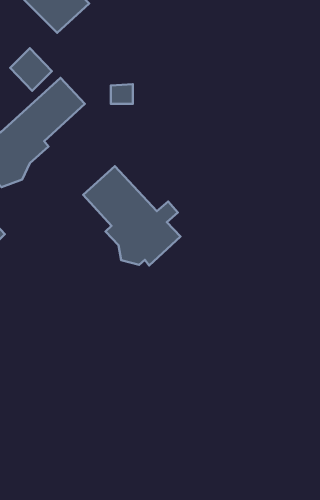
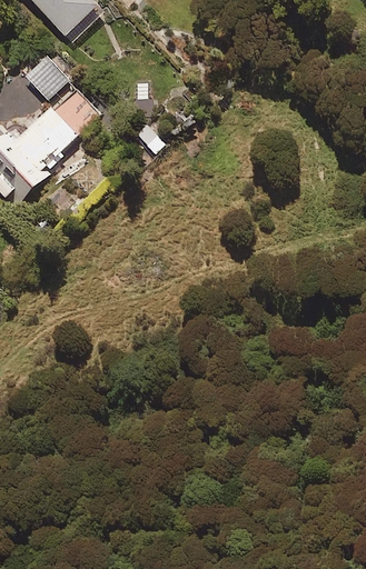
building: [83,166,181,265] -> none

